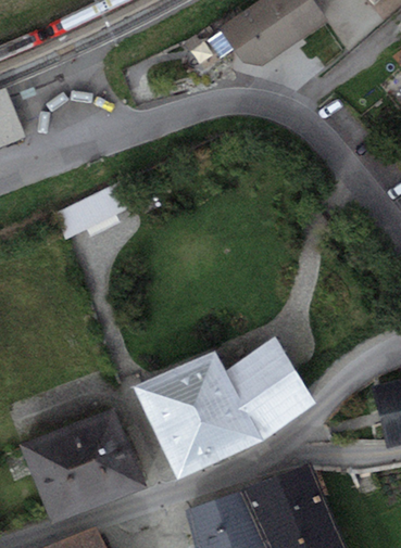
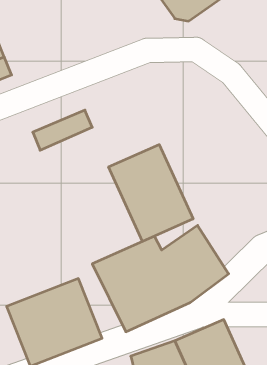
building: none -> [109,145,193,241]

